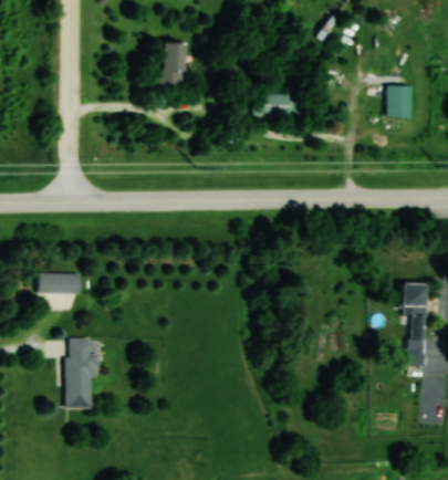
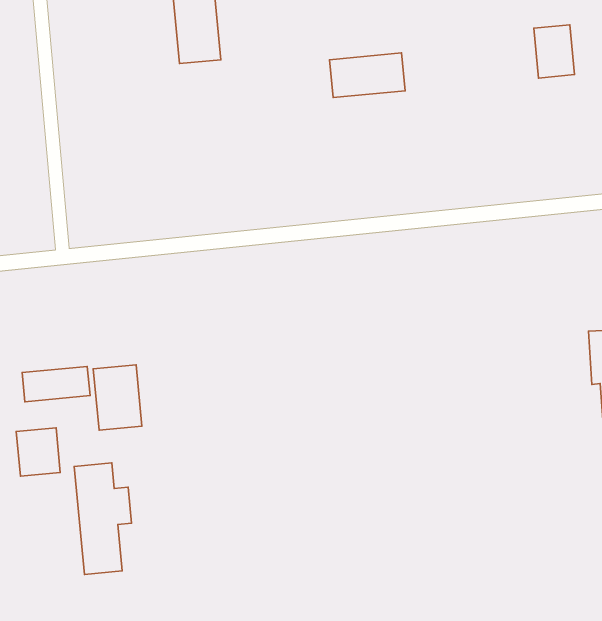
building: none -> [93,365,142,430]
building: none -> [16,428,60,476]

